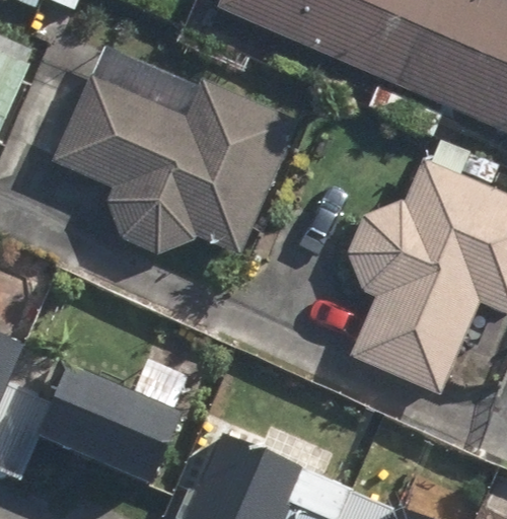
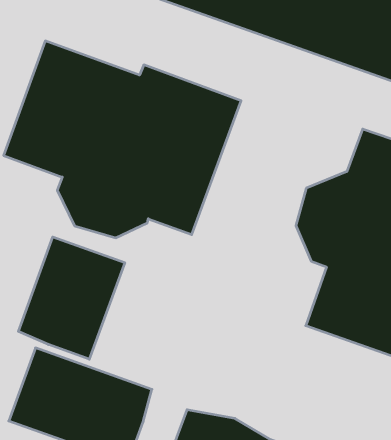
building: none -> [18,237,125,359]

